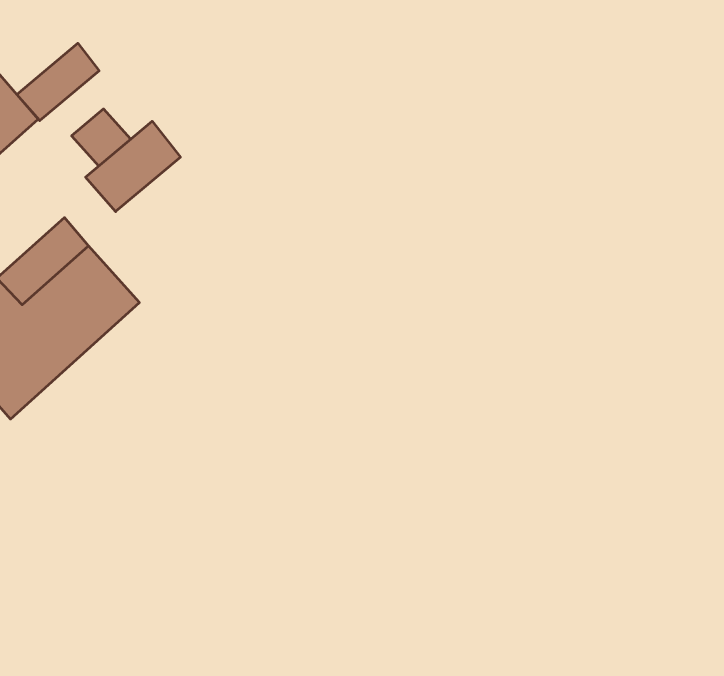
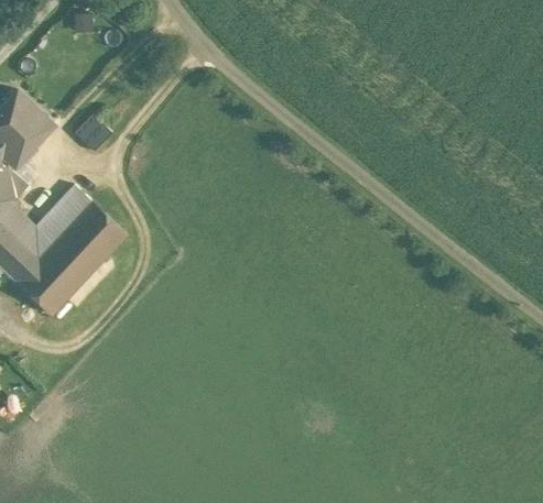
building: [17,43,99,121] -> none
building: [86,121,180,212] -> none

